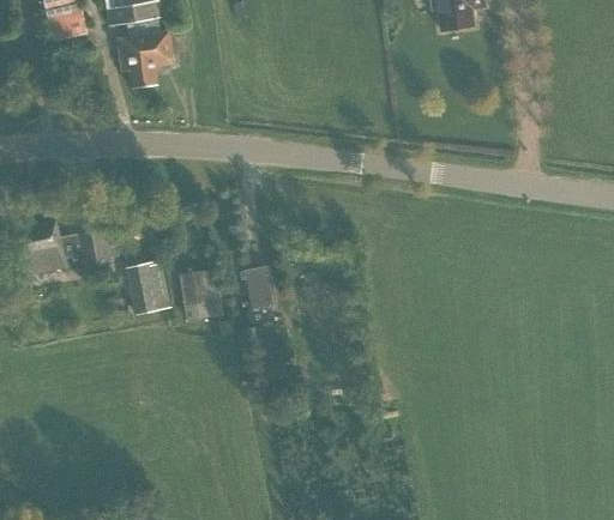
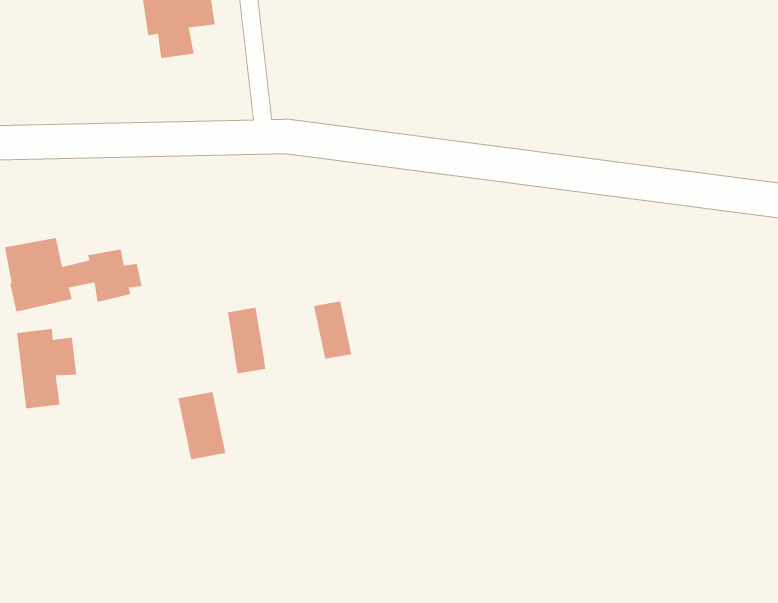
building: [127,261,163,312] -> [177,392,226,460]
building: none -> [16,328,77,409]

